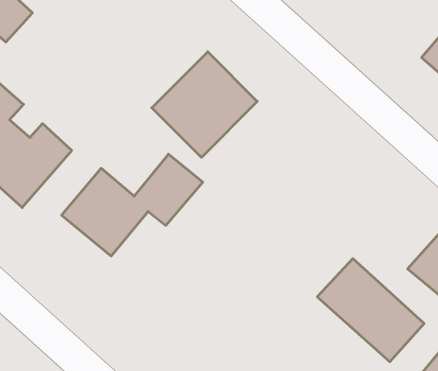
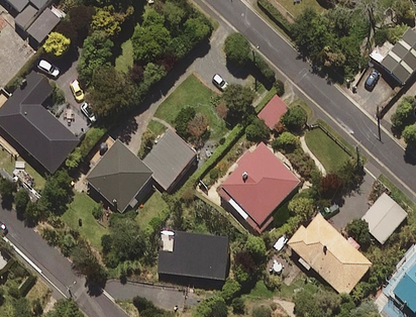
building: [152,52,257,157] -> [215,143,299,227]
building: none -> [157,234,228,279]

